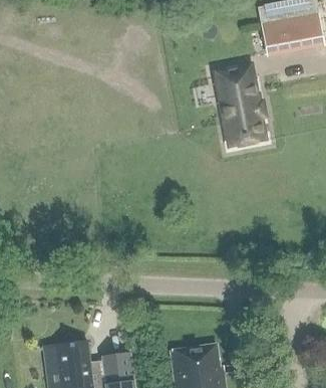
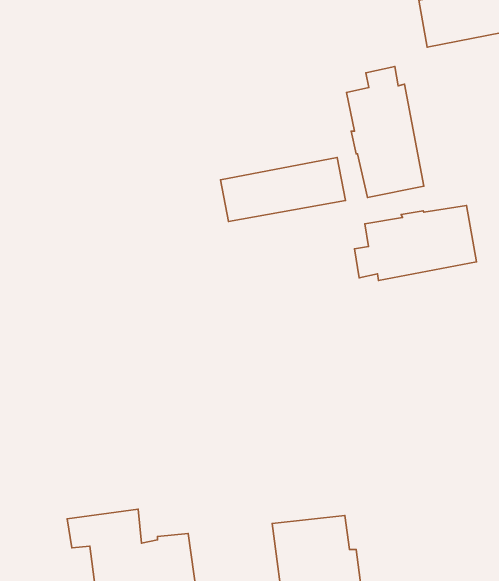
building: none -> [221,158,346,221]
building: none -> [354,206,477,280]

